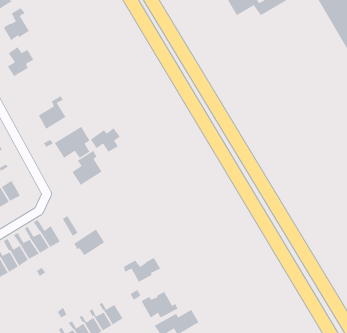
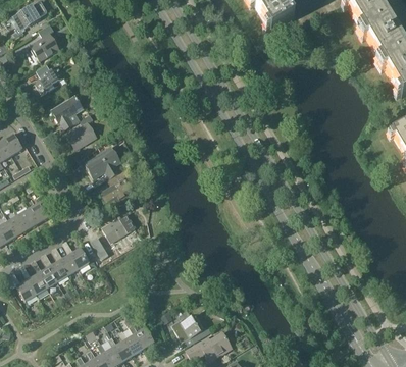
building: none -> [52,94,85,128]
building: [90,126,122,153] -> none
building: [73,228,105,256] -> [104,212,137,241]
building: [123,257,161,283] -> none

